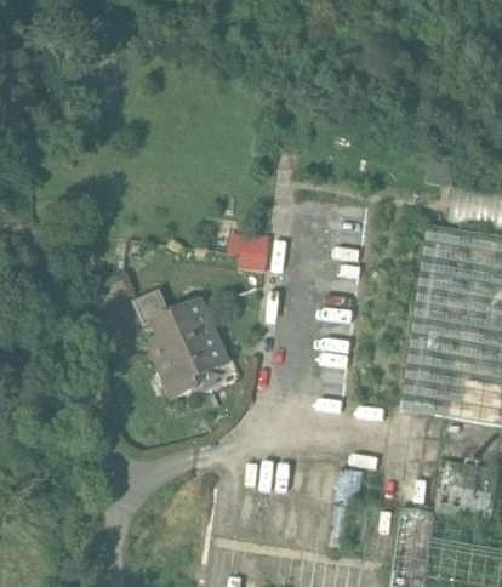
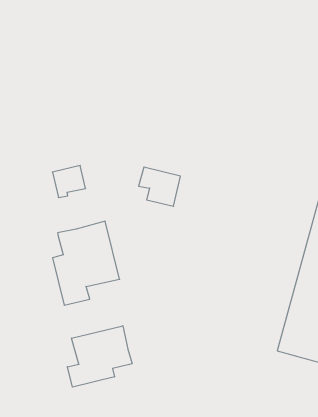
building: [131,289,170,327] -> [52,165,86,198]
building: none -> [67,326,132,387]

